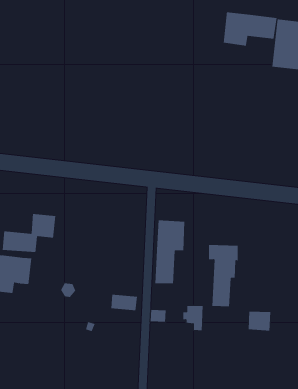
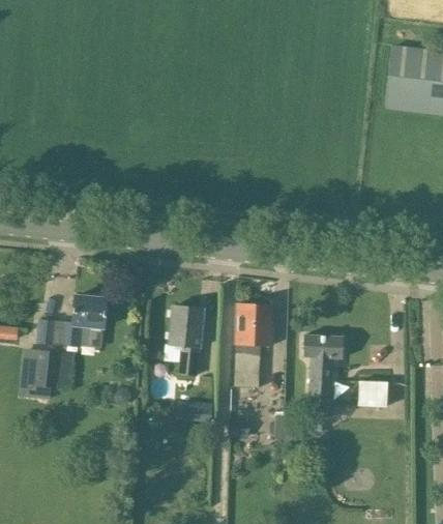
building: [223,11,277,47] -> none
building: none -> [170,307,204,377]
building: [248,311,271,331] -> [358,380,388,406]

